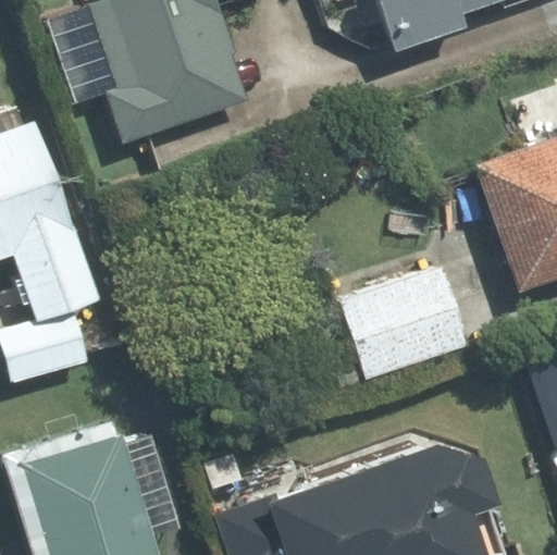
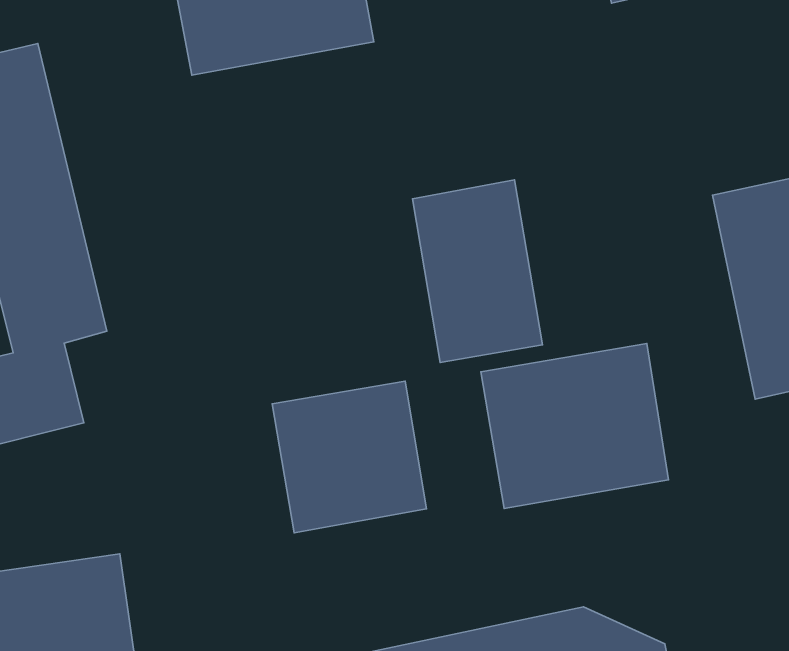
building: none -> [412,180,543,362]
building: none -> [272,381,426,533]

